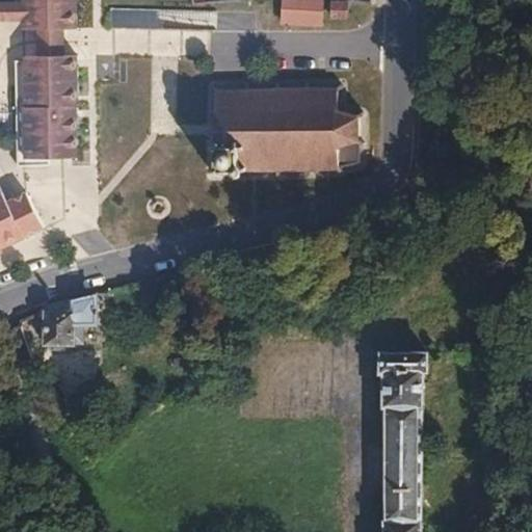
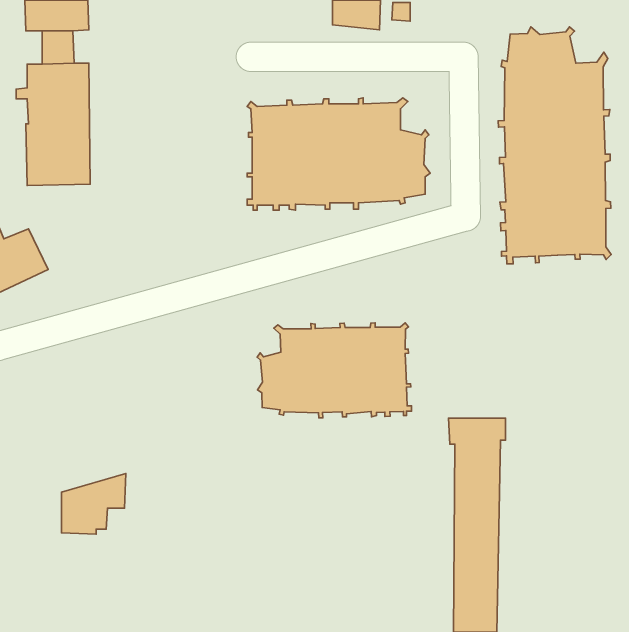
building: none -> [498,27,611,264]
building: none -> [257,323,412,418]
building: [42,293,96,344] -> [62,474,126,534]

